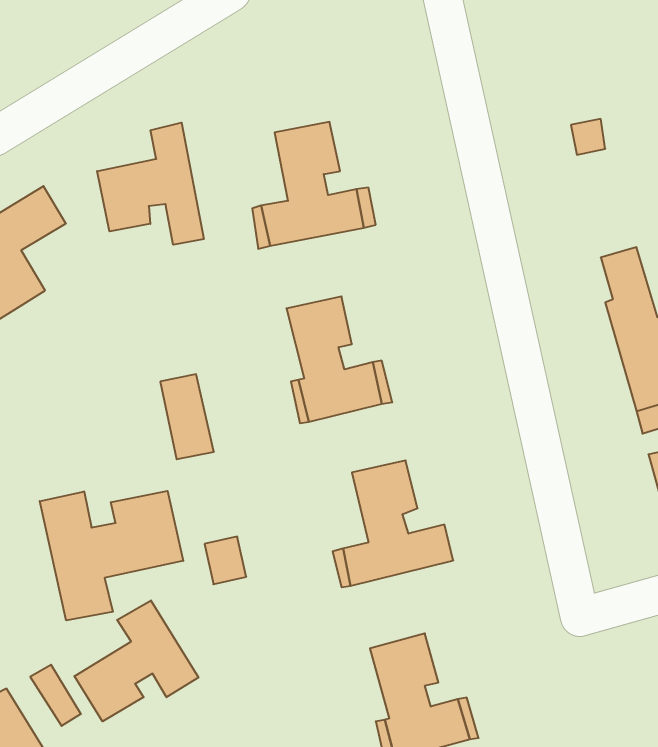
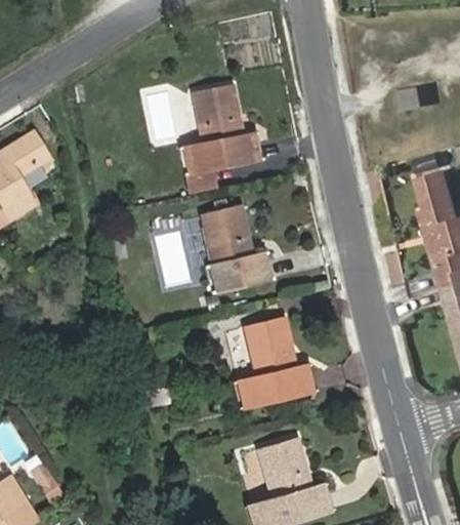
building: [97,123,204,245] -> none
building: [160,374,214,459] -> [155,228,192,286]
building: [40,491,183,620] -> none
building: [74,600,198,721] -> none

